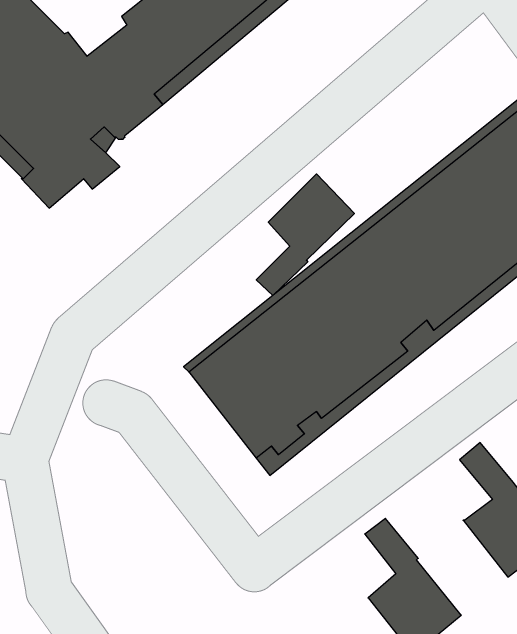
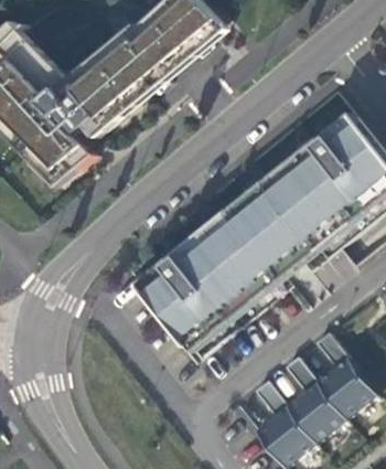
building: [256,174,354,295] -> none
building: none -> [283,353,344,439]

